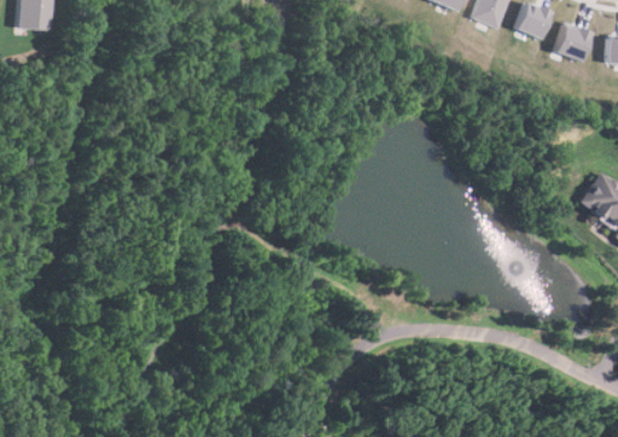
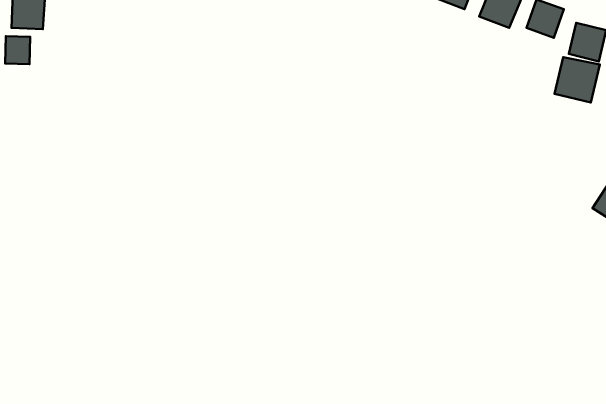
building: none -> [5,36,30,64]
building: none -> [554,57,600,103]

